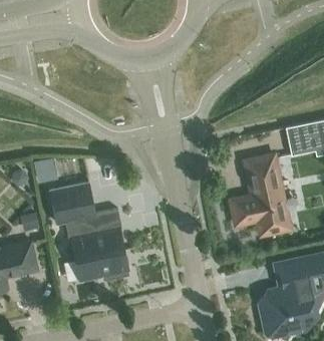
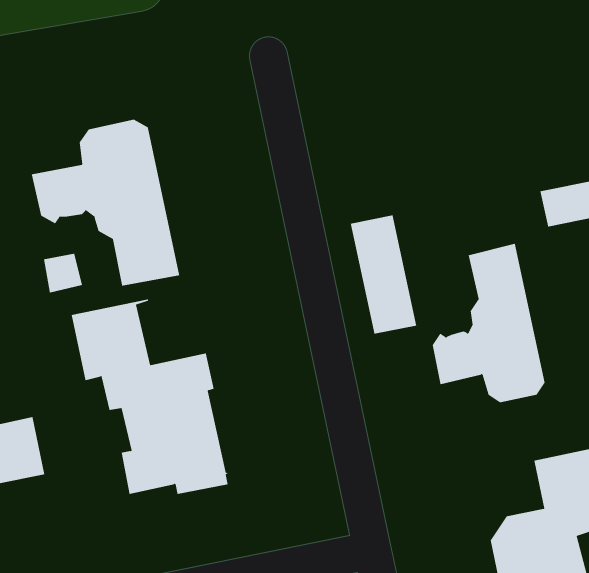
building: none -> [31,119,180,287]
building: none -> [350,214,417,335]

